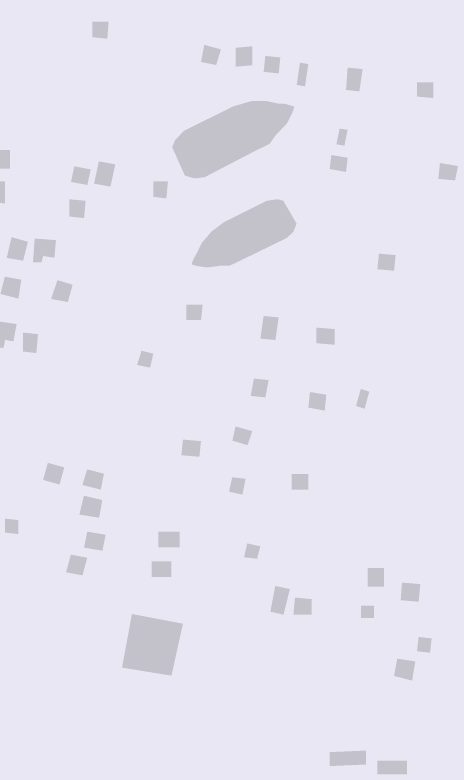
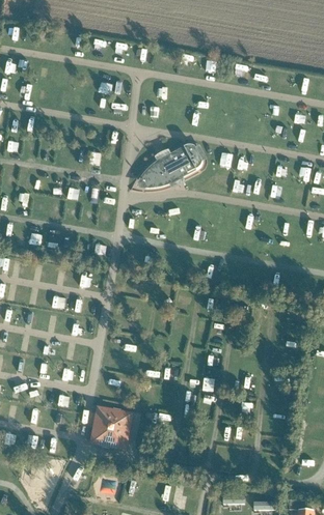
building: [172,100,295,179] -> none

